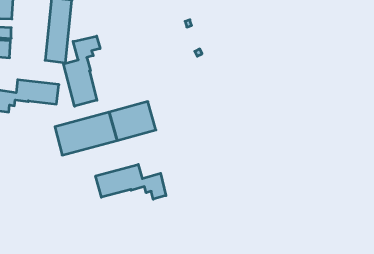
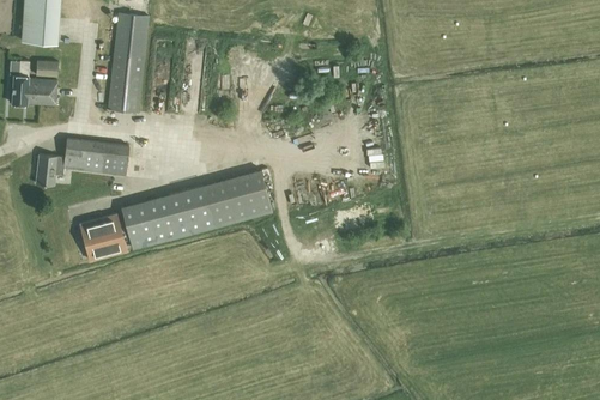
building: [63,36,100,106] -> none
building: none -> [81,214,128,261]
building: [96,164,166,199] -> none

